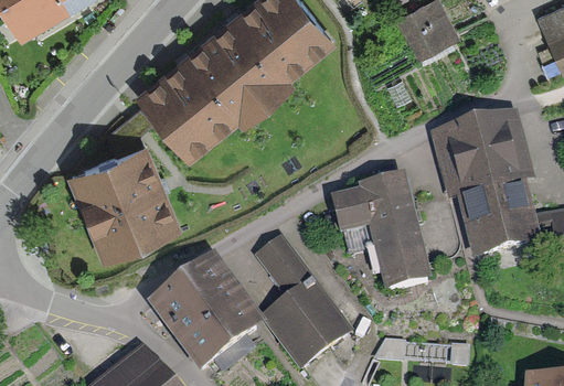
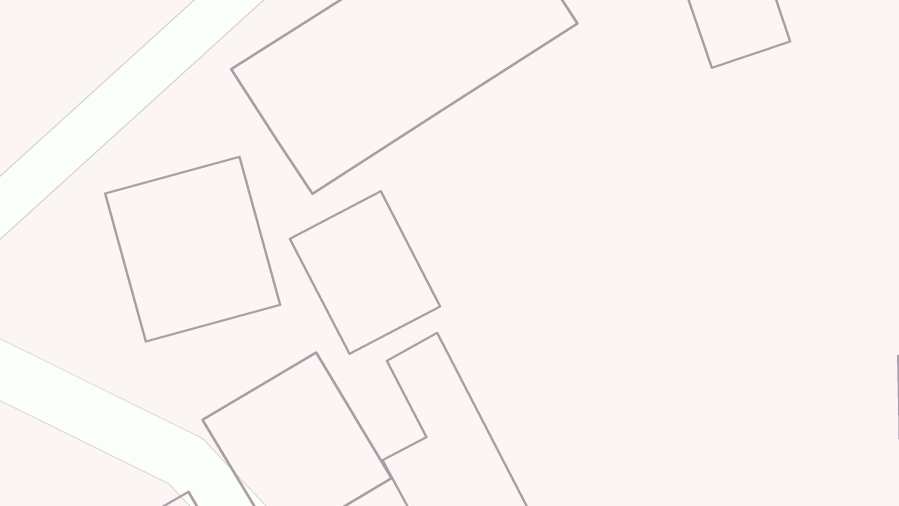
building: [430,103,540,257] -> none
building: none -> [290,191,440,354]
building: [331,168,429,288] -> none

